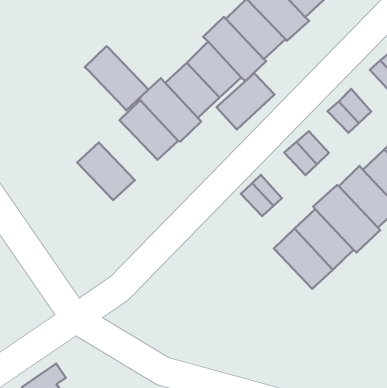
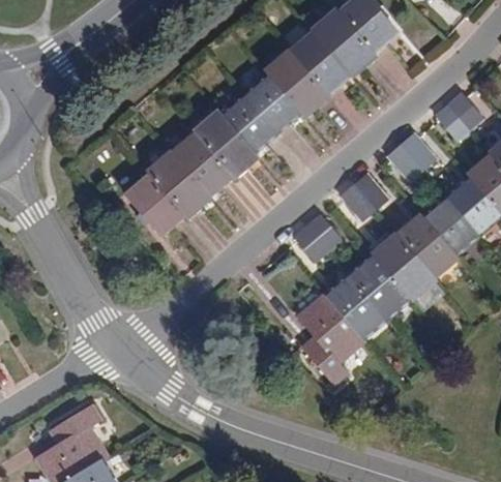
building: [85,46,148,110] -> [146,149,210,217]
building: [217,73,274,129] -> none
building: none -> [295,293,364,384]

